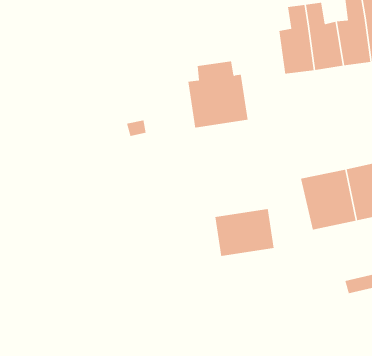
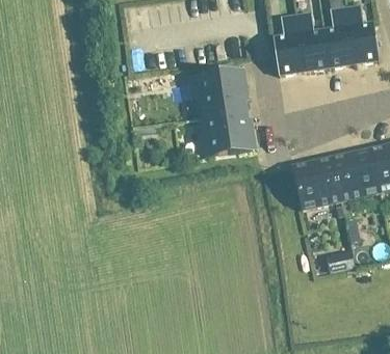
building: [215,208,275,256] -> [200,113,252,155]

